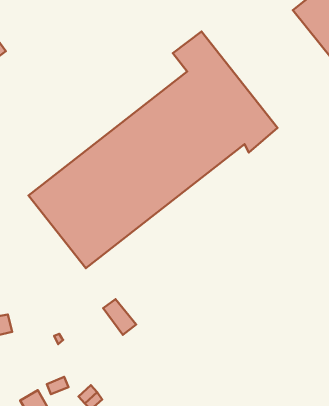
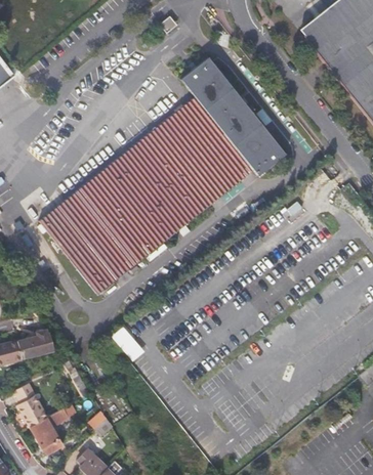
building: none -> [18,328,54,357]
building: none -> [16,382,48,426]

